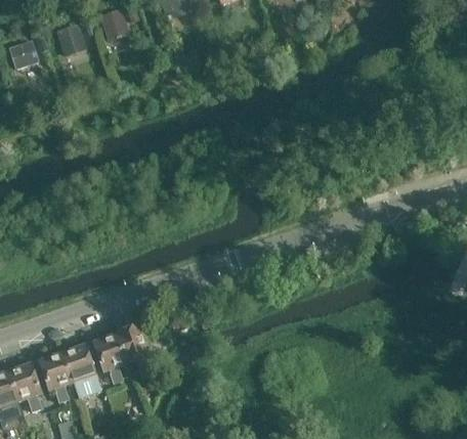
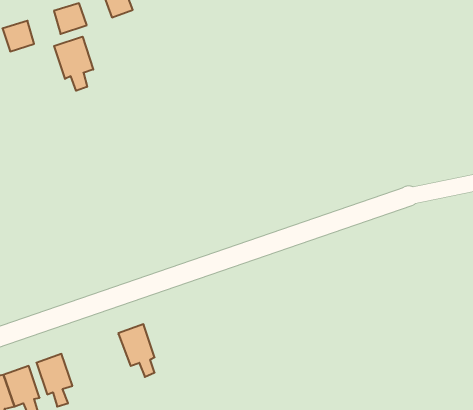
building: none -> [54,37,93,91]
building: [93,333,127,382] -> none
building: [62,343,95,391] -> none

